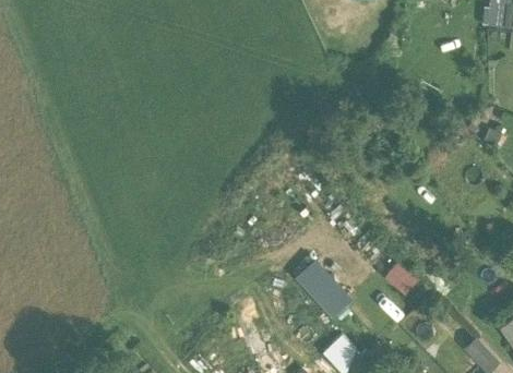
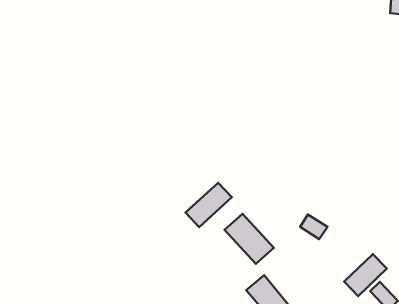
building: none -> [186,183,232,227]
building: none -> [344,254,387,296]

